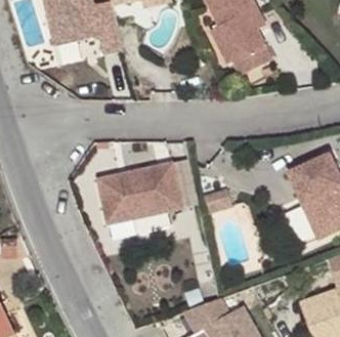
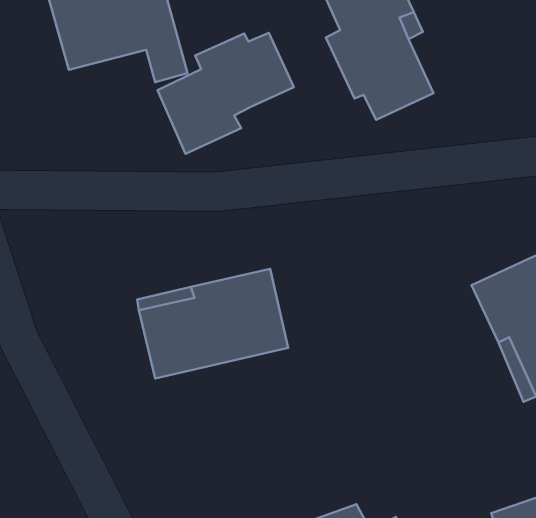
building: none -> [157,33,294,154]

